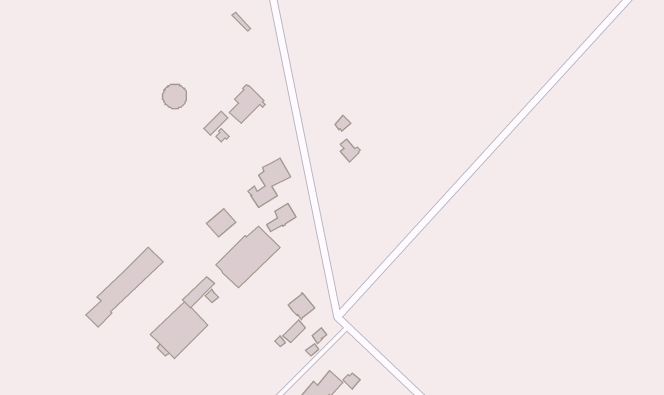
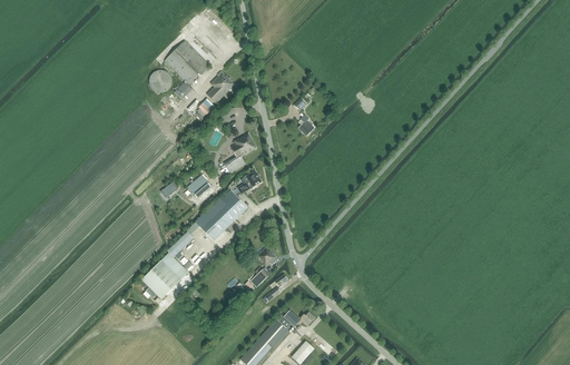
building: none -> [164,40,210,103]
building: [86,247,163,327] -> none

